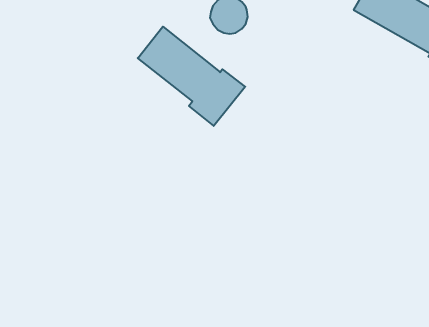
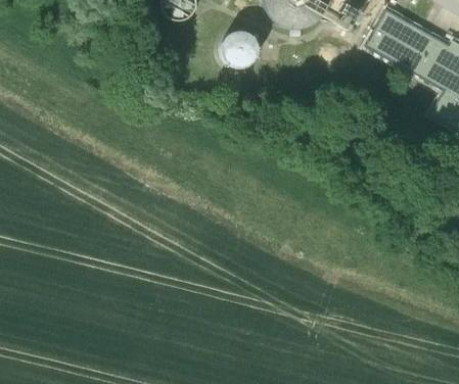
building: [138,27,245,126] -> none

